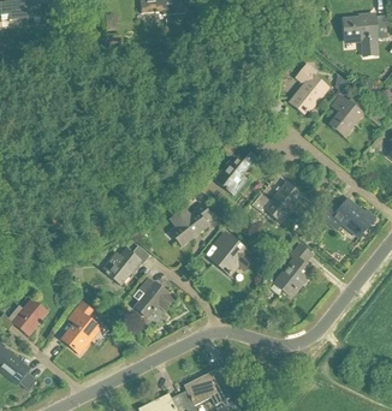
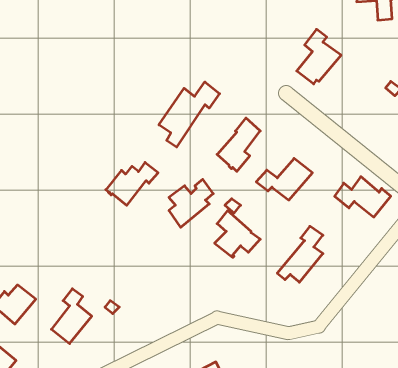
building: [329,94,364,136] -> none
building: none -> [159,82,220,147]
building: [102,244,150,284] -> [106,162,158,205]
building: [133,278,174,317] -> none

